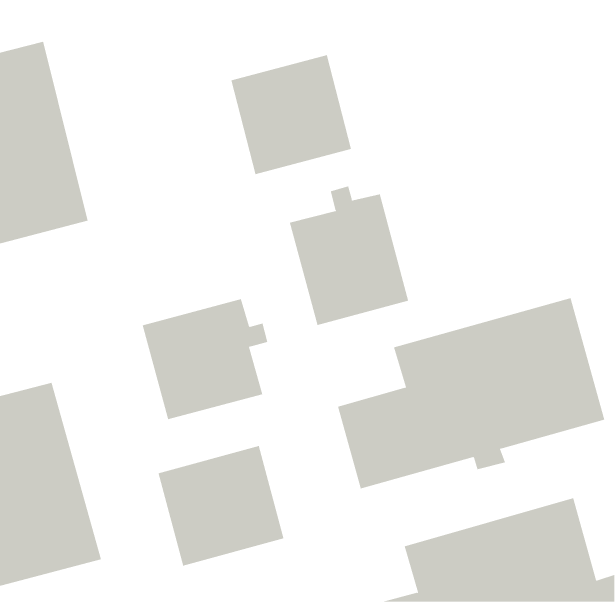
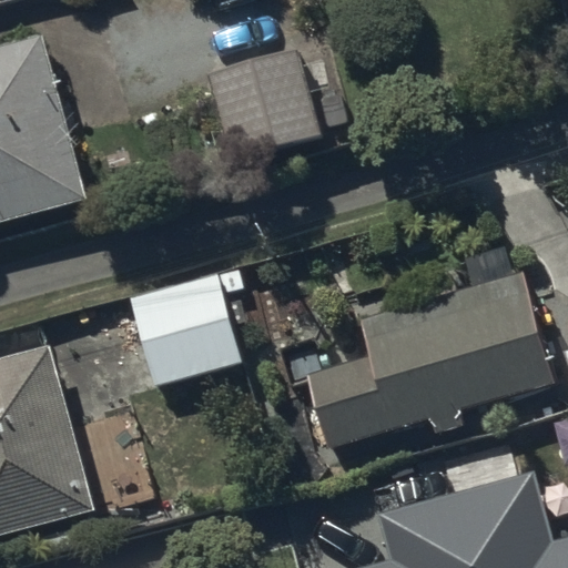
building: [289,185,409,326] -> none
building: [158,445,284,567] -> none

